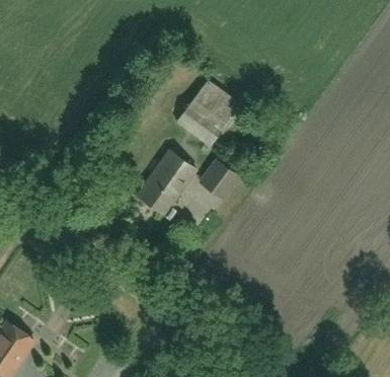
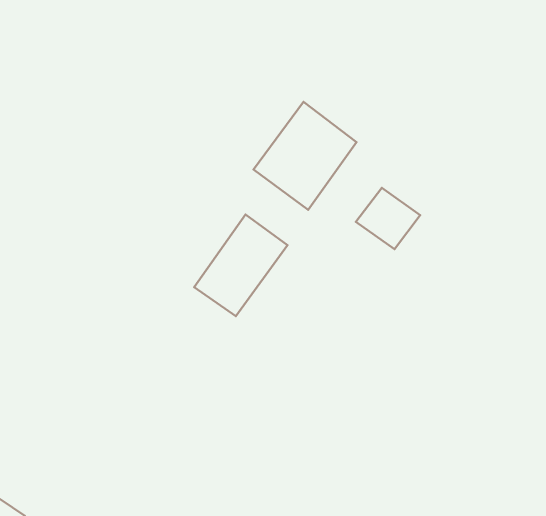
building: [200,160,240,199] -> [356,188,420,249]

